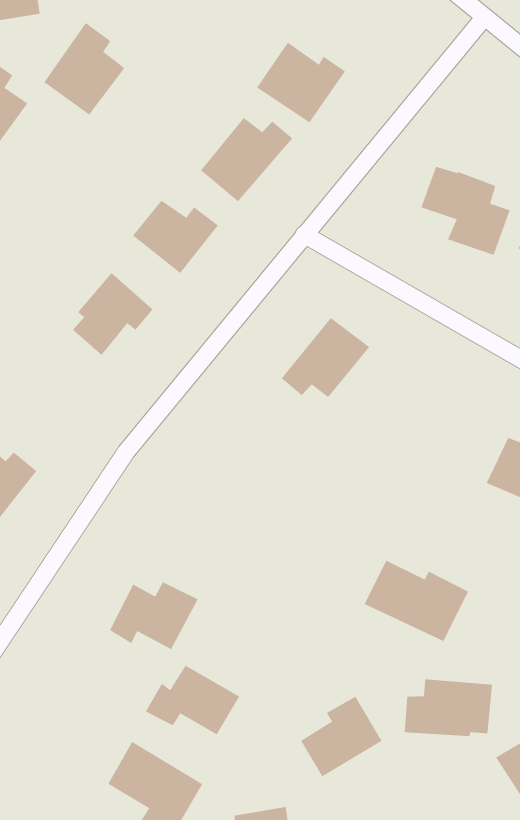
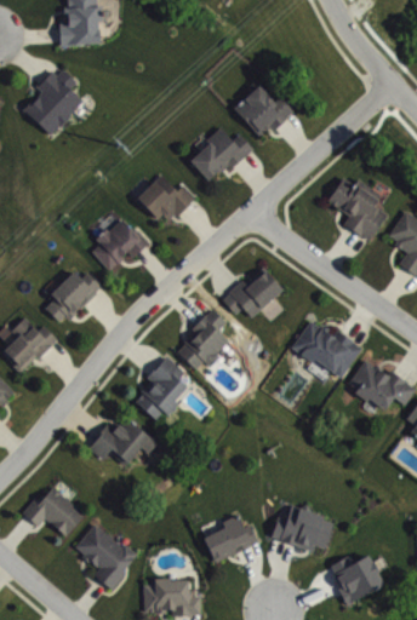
building: [43,22,125,116] -> none
building: none -> [44,270,101,326]
building: none -> [173,308,229,369]
building: none -> [133,356,187,419]
building: [364,560,469,642] -> [291,320,360,378]
building: [145,665,240,735] -> [21,487,84,535]

